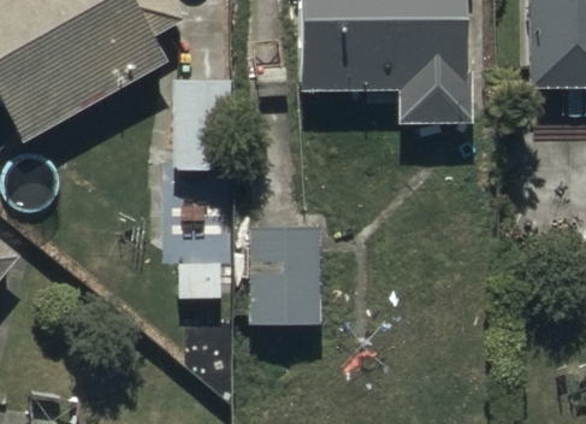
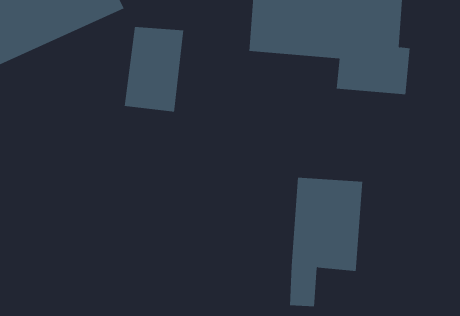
building: [247,224,320,365] -> [289,177,363,307]

